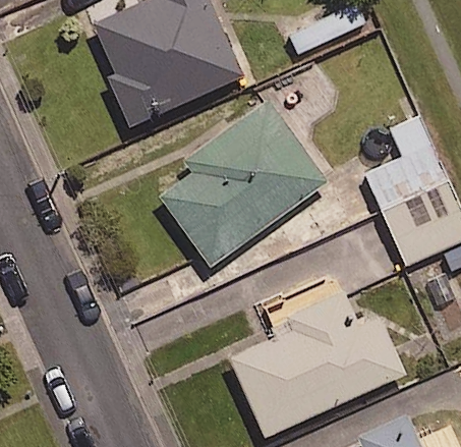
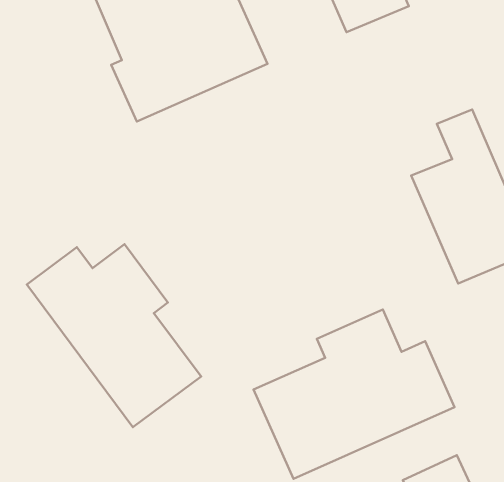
building: [159,101,326,266] -> none
building: none -> [27,244,201,427]

